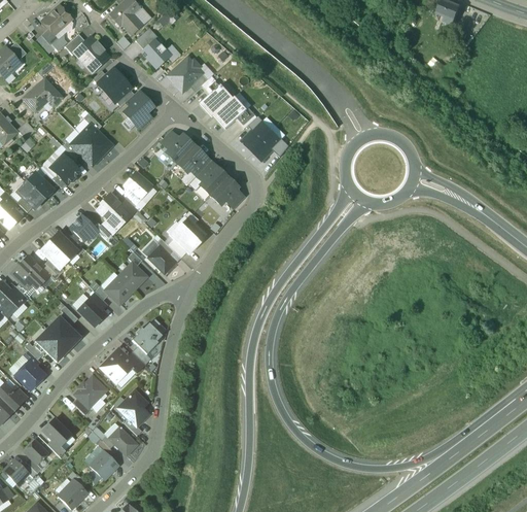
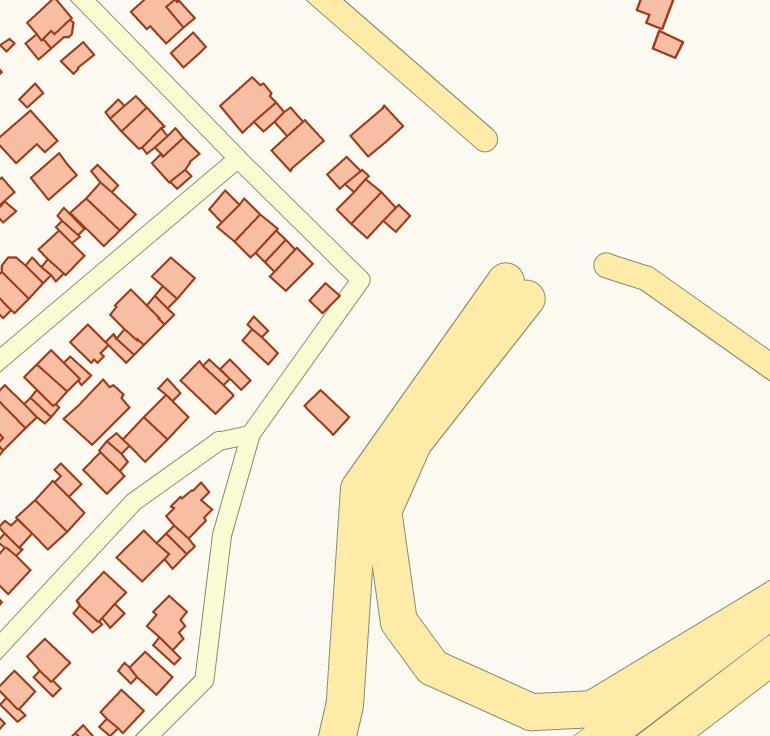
building: [75,38,106,69] -> none
building: [141,40,169,68] -> none
building: [213,95,247,128] -> [351,105,403,157]
building: none -> [31,153,77,200]
building: [209,176,237,204] -> none
building: [170,225,199,253] -> [305,390,349,435]
building: none -> [64,380,130,445]

